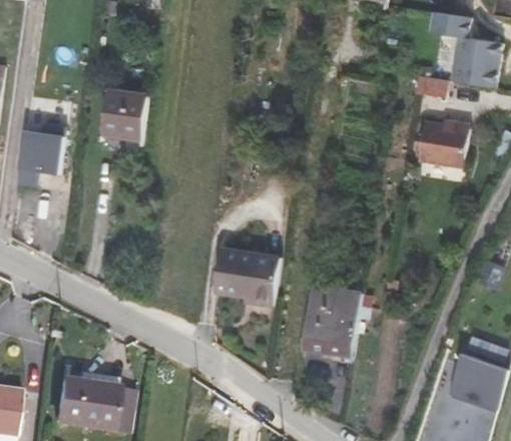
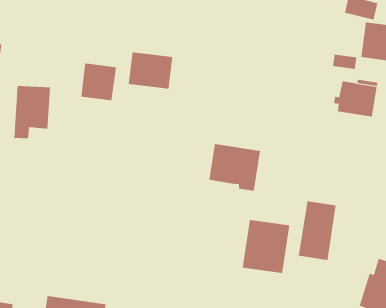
building: none -> [128,52,173,90]
building: [213,248,279,307] -> [208,143,261,191]
building: none -> [298,201,336,261]

